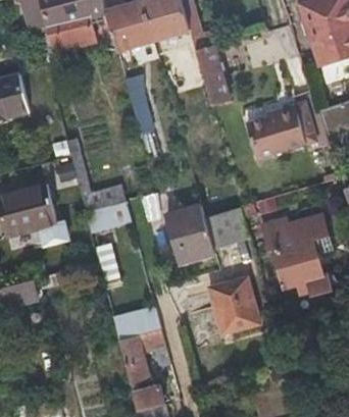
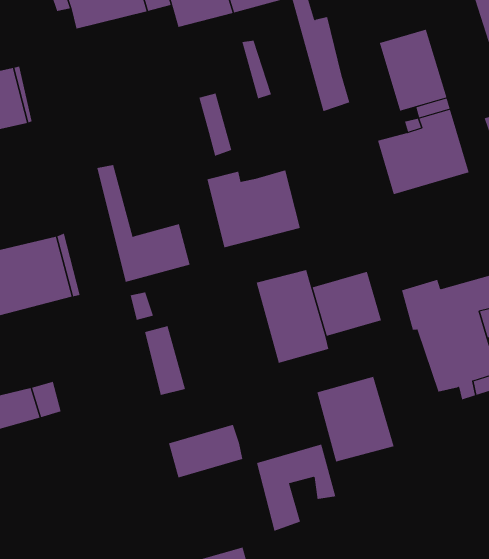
building: none -> [379,29,447,112]
building: none -> [207,170,300,248]
building: [118,328,169,384] -> [256,444,336,531]

